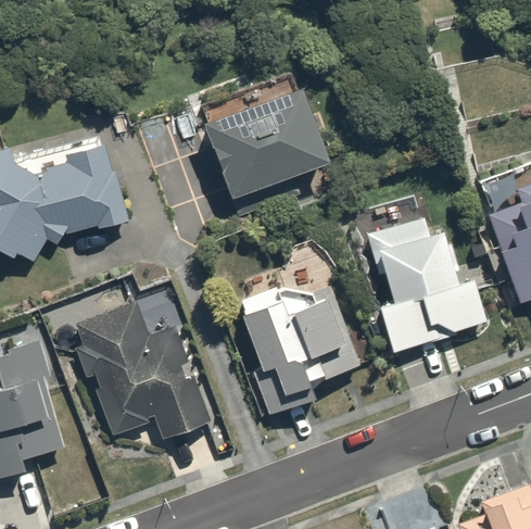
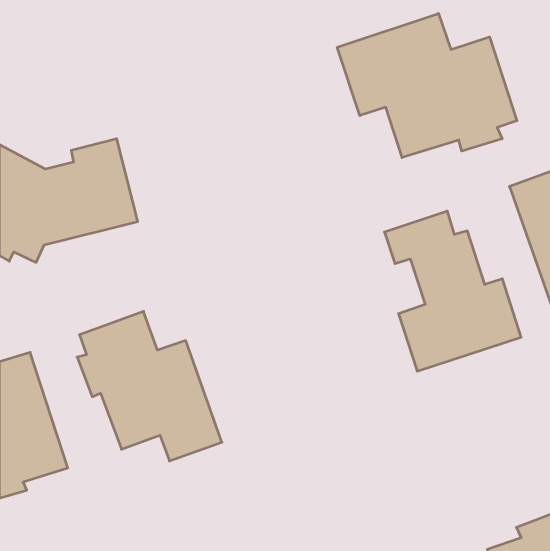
building: none -> [337,13,517,158]
building: [203,81,327,216] -> none
building: [241,278,363,420] -> none

